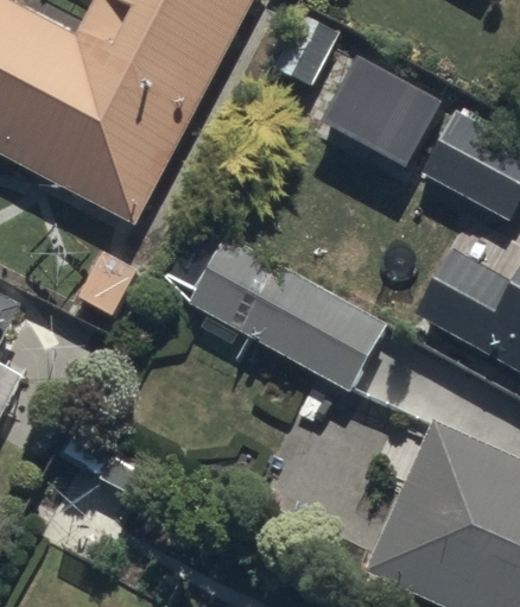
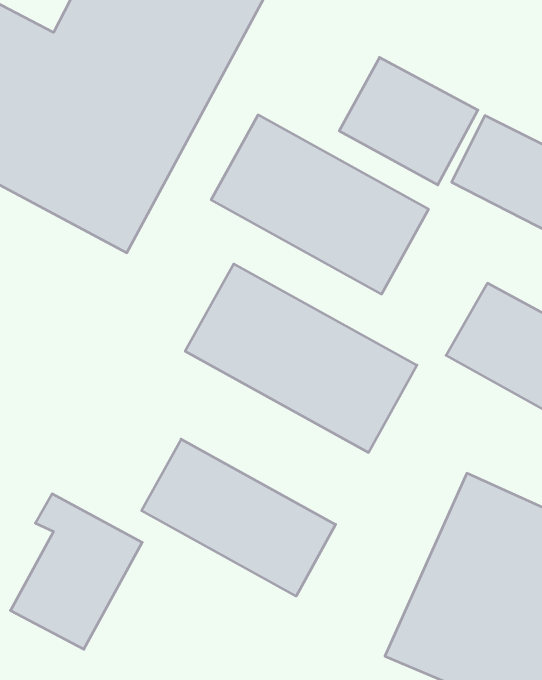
building: none -> [211,115,428,294]
building: none -> [142,439,336,596]

